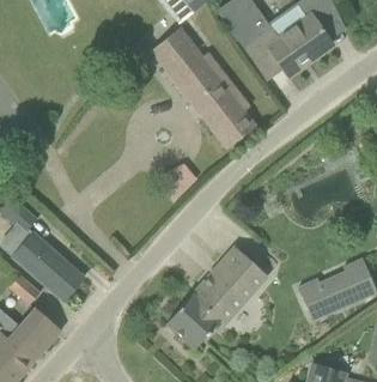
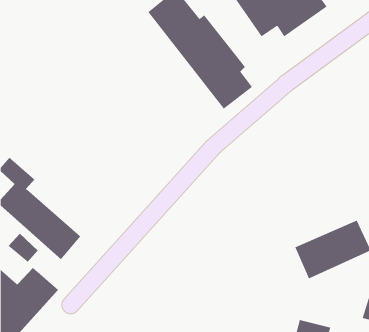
building: [168,247,267,347] -> none

